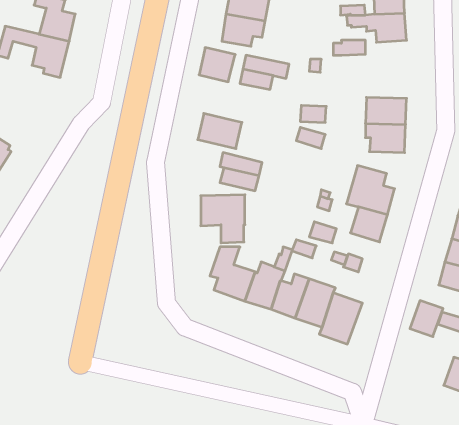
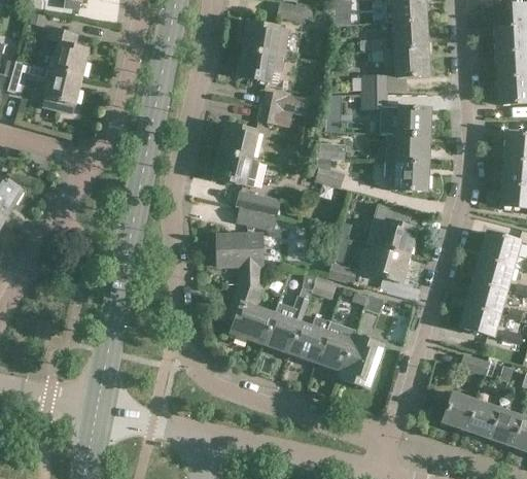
building: [199,48,235,82] -> [220,123,257,158]
building: none -> [361,94,429,135]
building: [410,301,443,337] -> [443,392,477,430]

